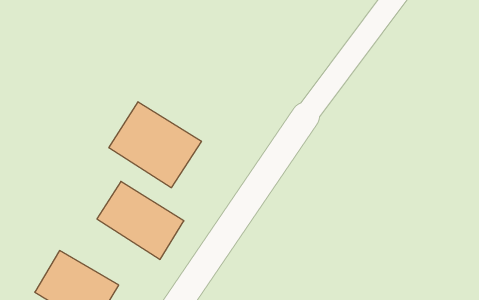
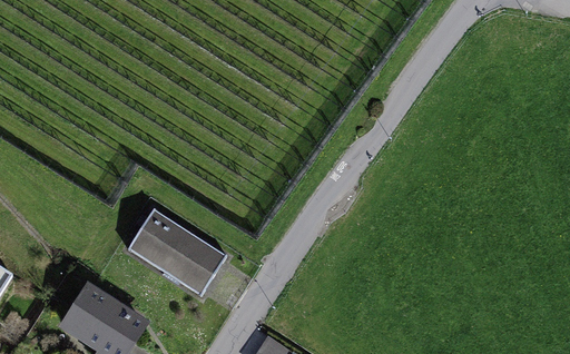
building: [109,102,201,188] -> none

